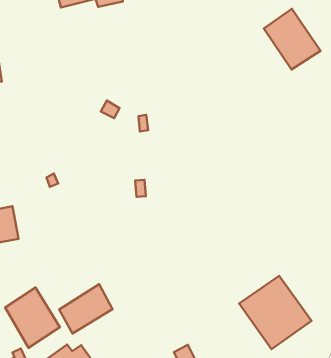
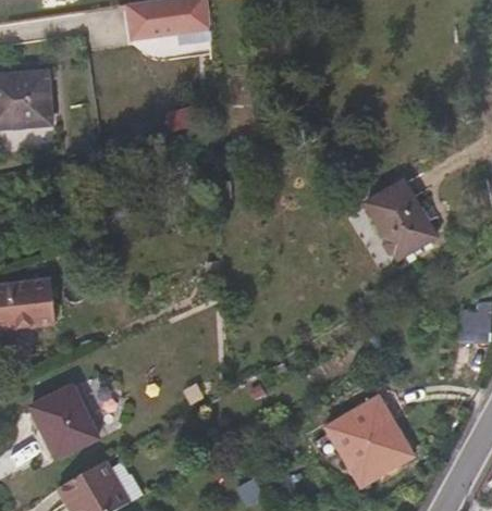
building: [264,9,320,70] -> [366,183,434,259]
building: [59,284,113,333] -> none

